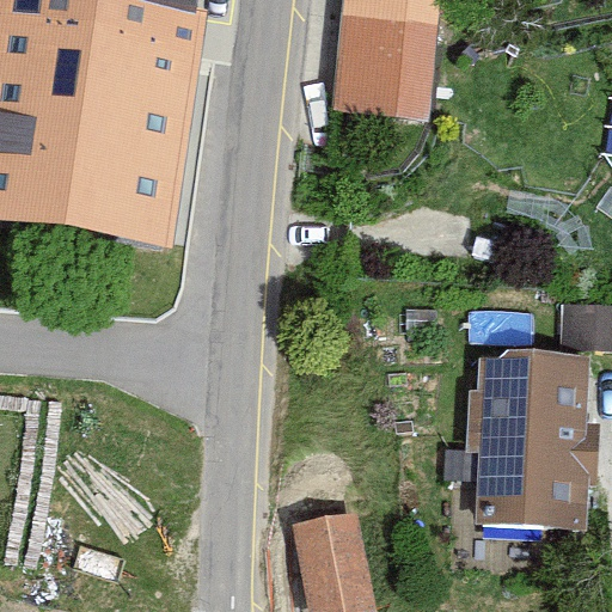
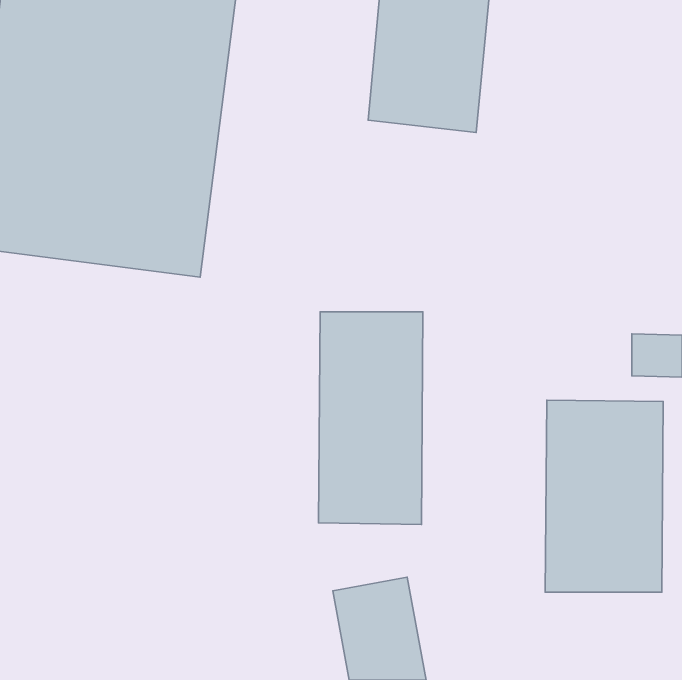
building: none -> [319,312,423,525]

